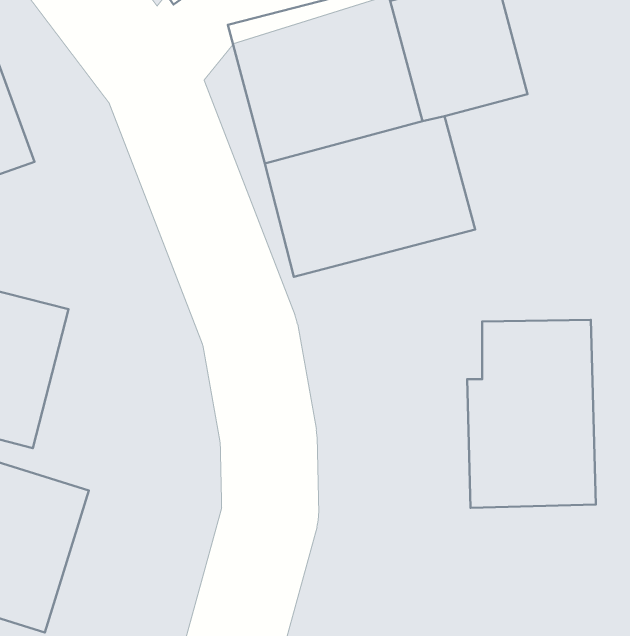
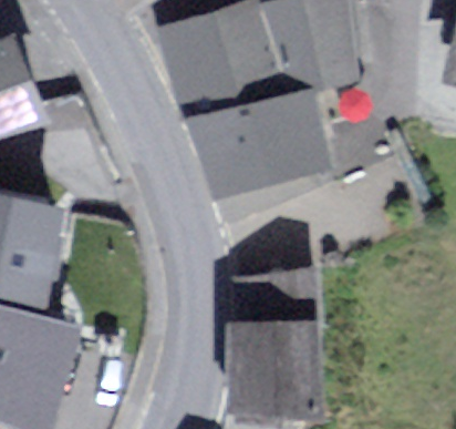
building: [467,320,596,508] -> [237,284,321,407]

